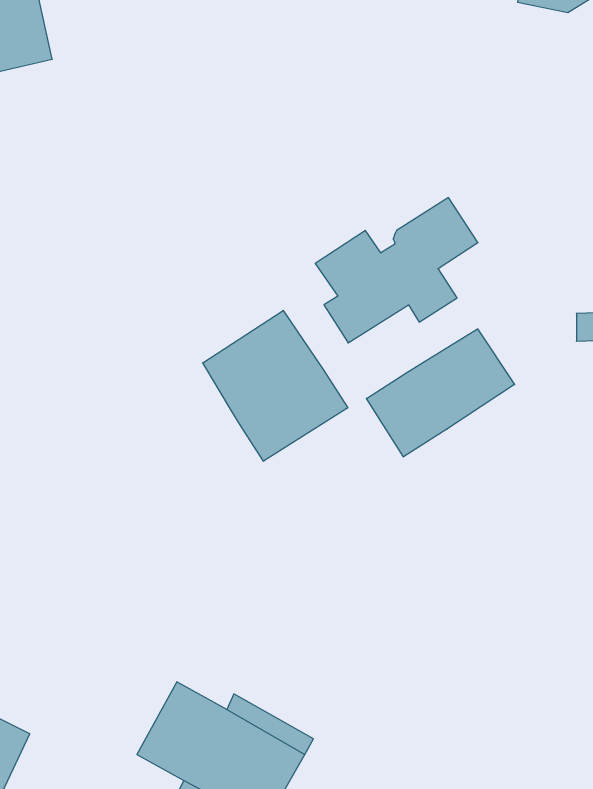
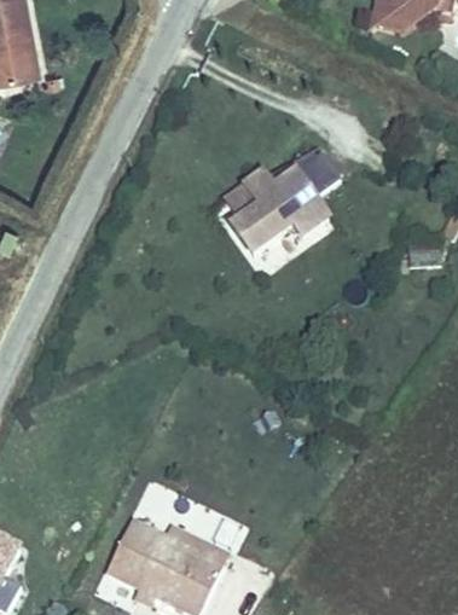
building: [203,310,348,461] -> none
building: [366,329,515,457] -> none

